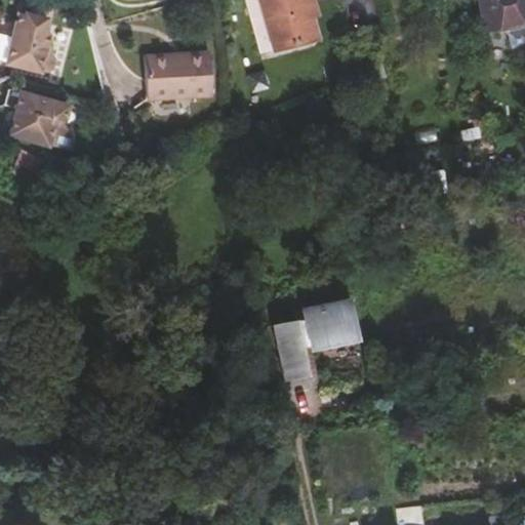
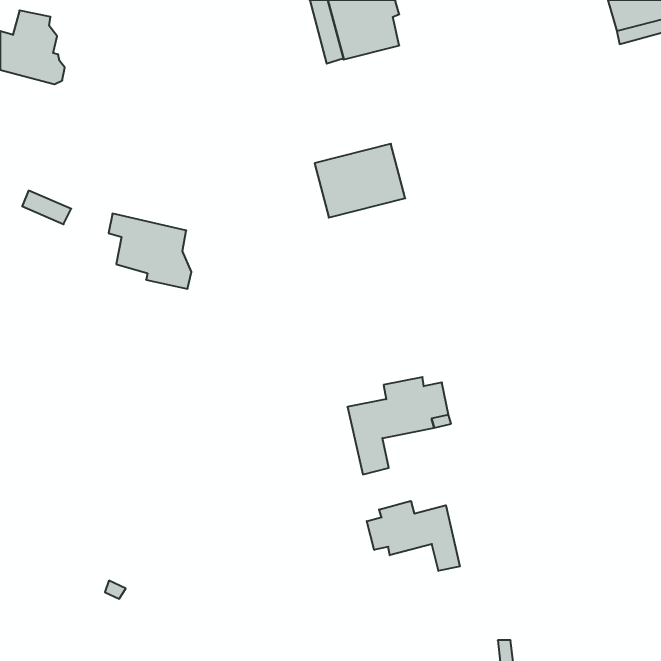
building: [151,48,223,107] -> [315,144,405,218]
building: [8,92,74,152] -> [109,214,191,289]
building: none -> [367,501,460,571]

